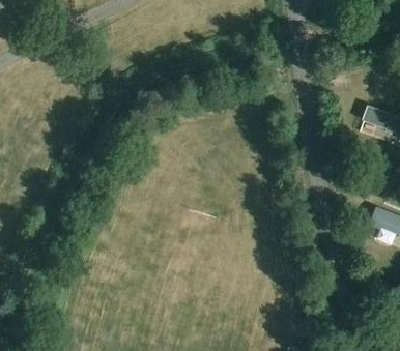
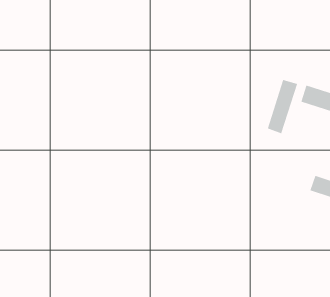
building: none -> [267,79,298,134]

